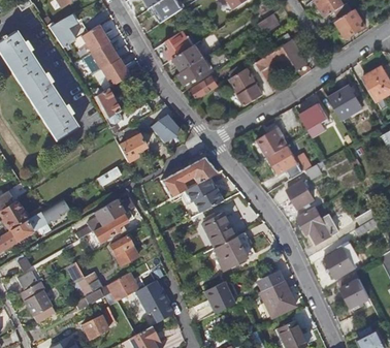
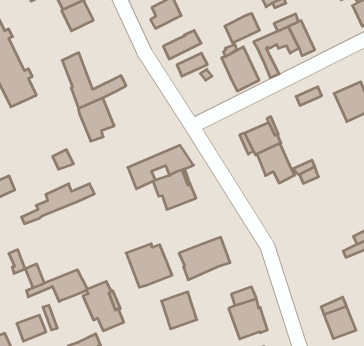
building: [174,44,204,71] -> [225,13,260,43]
building: [101,59,129,87] -> none
building: [300,103,329,137] -> none
building: [152,110,183,143] -> none
building: [288,181,315,209] -> none
building: [298,207,338,245] -> none
building: [93,212,133,243] -> none
building: [193,213,234,251] -> [126,244,172,287]
building: [109,235,137,265] -> none
building: [325,247,356,278] -> none

